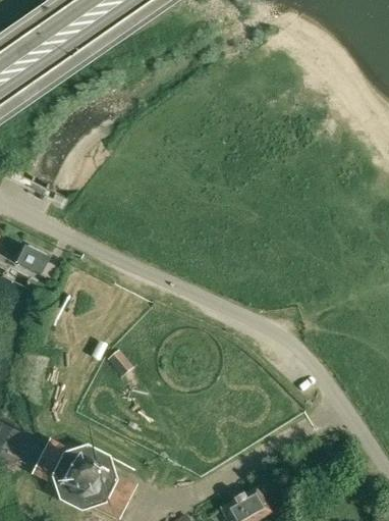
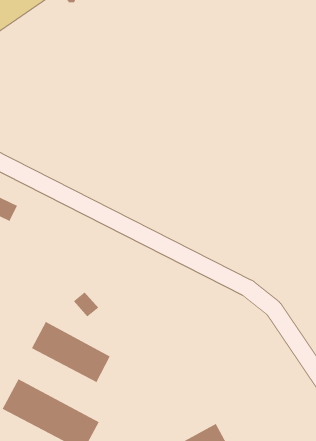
building: none -> [31,321,111,383]

